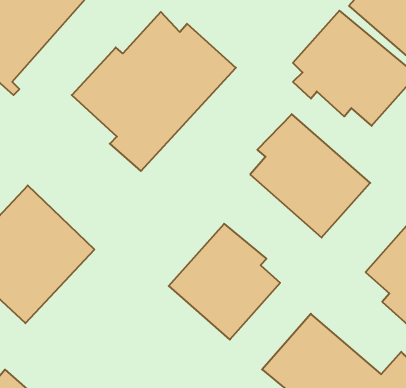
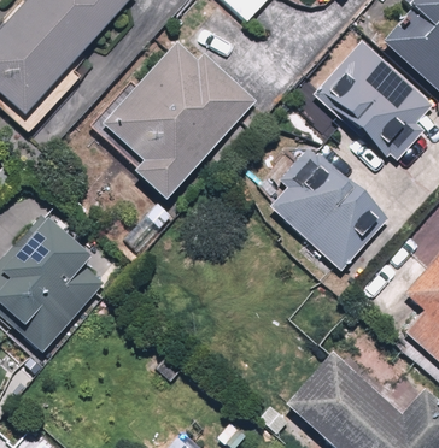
building: [169,224,280,340] -> none

